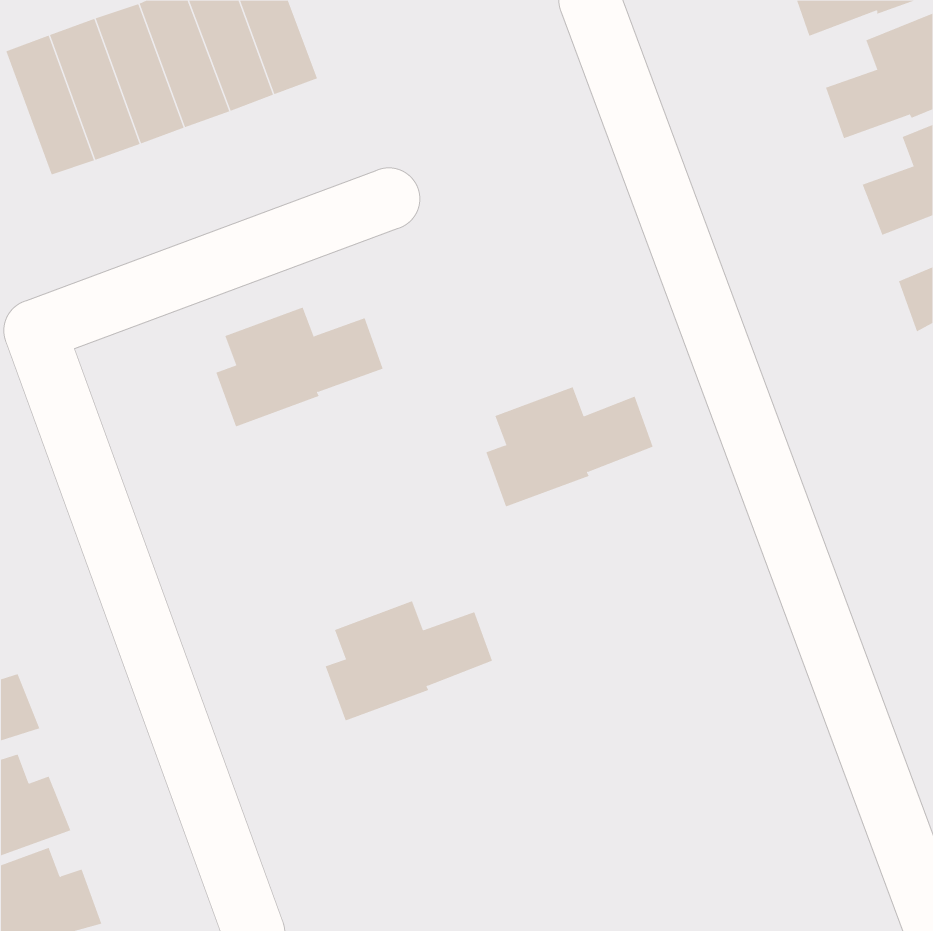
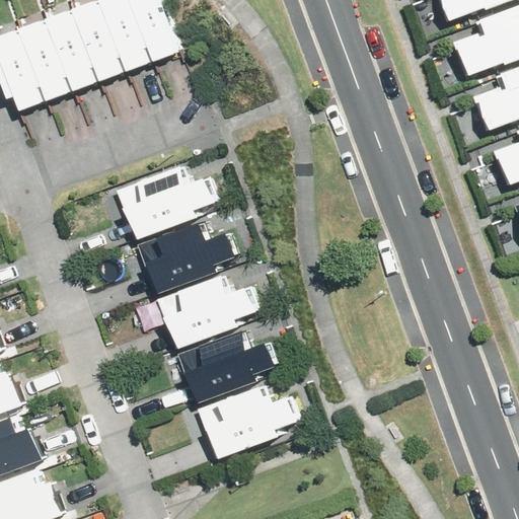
building: [486,387,653,507] -> [166,278,260,345]
building: none -> [140,224,233,291]
building: none -> [205,386,299,453]

